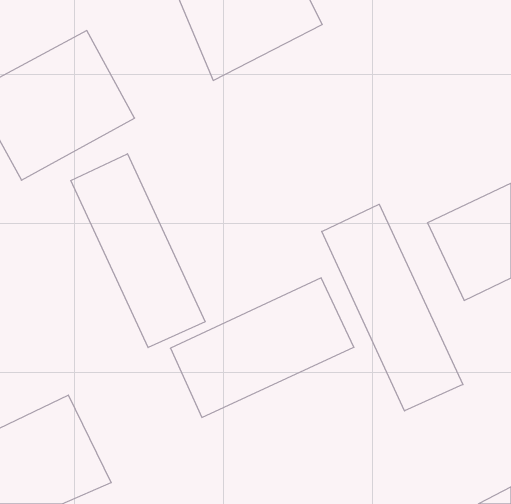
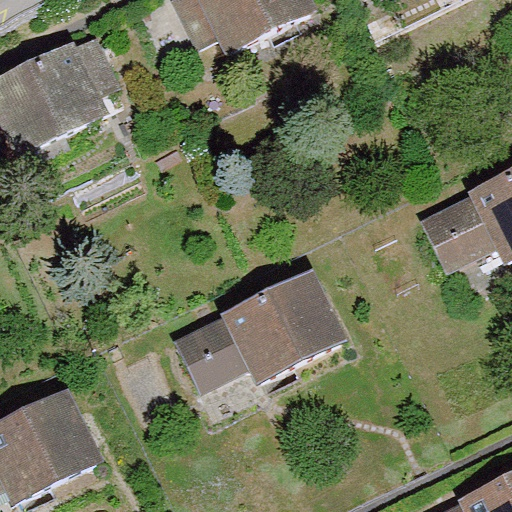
building: [71,154,205,348] -> none
building: [322,204,463,411] -> none

